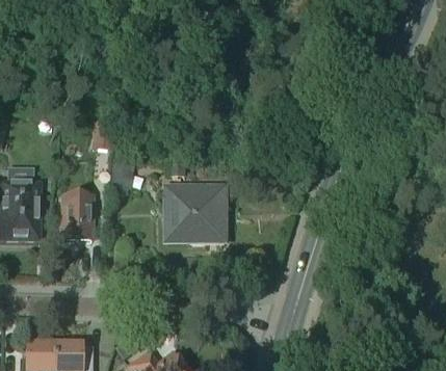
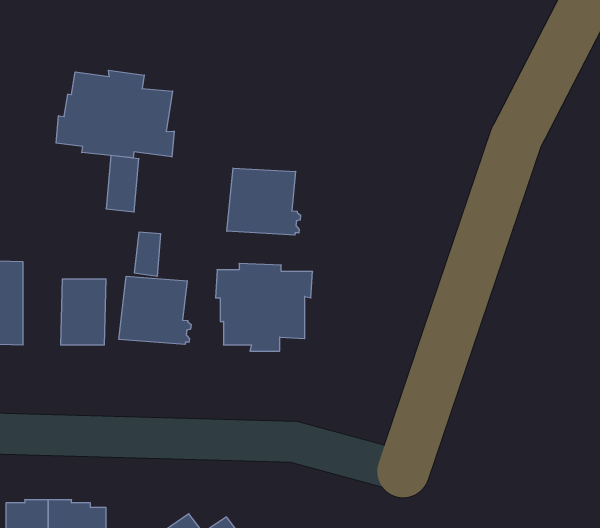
building: none -> [56,70,174,158]
building: none -> [227,168,301,235]
building: none -> [119,276,191,344]

